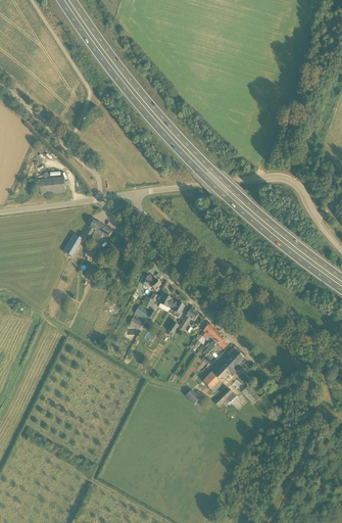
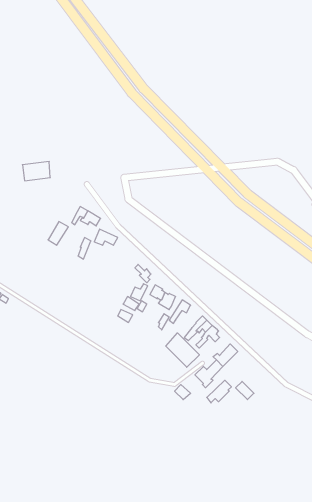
building: none -> [166,333,199,367]

